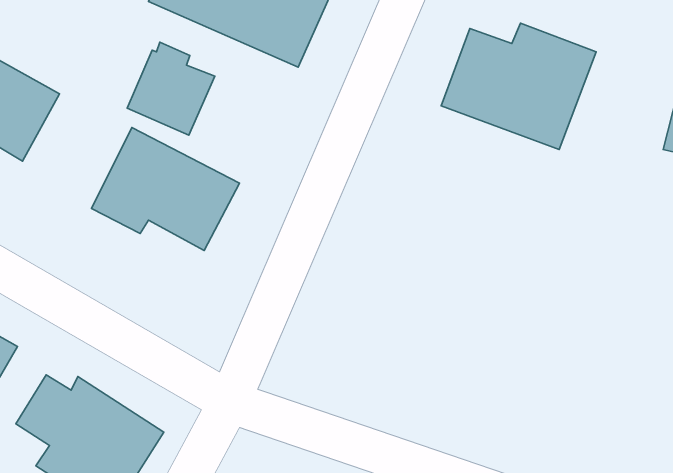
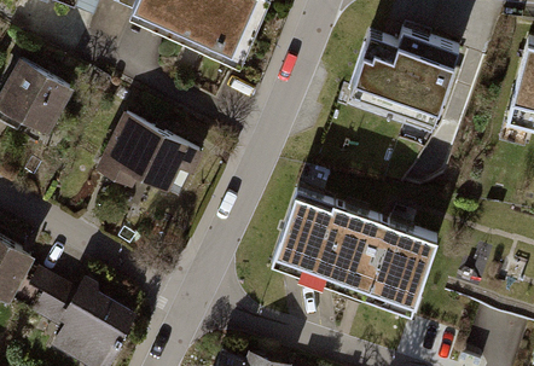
building: [127,42,215,135] -> none
building: none -> [277,192,443,318]

